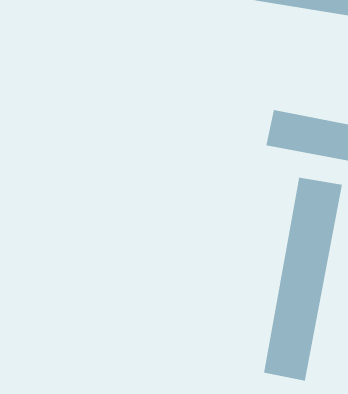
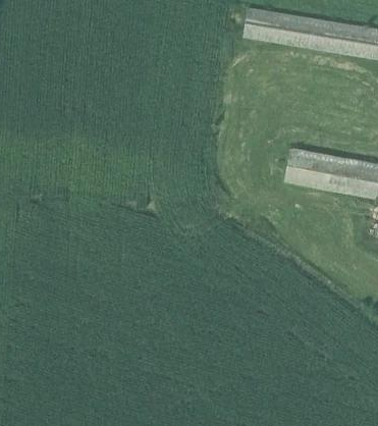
building: [263,177,342,381] -> none

